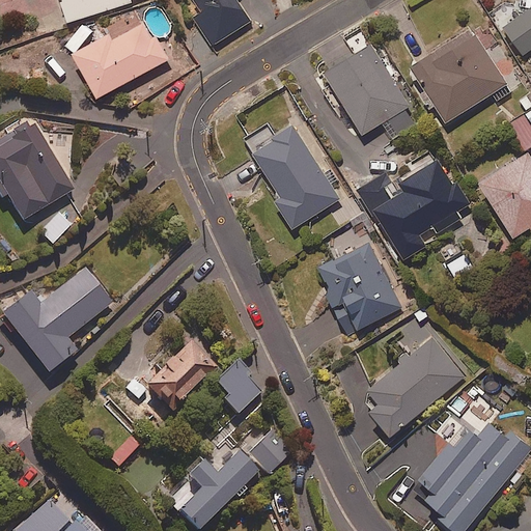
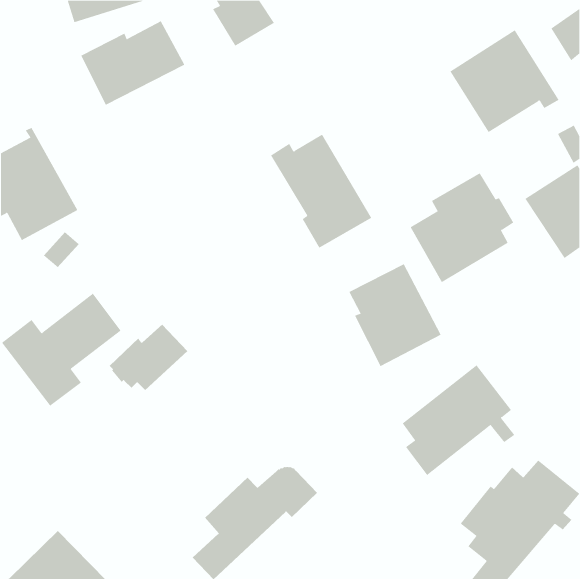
building: [325,44,419,141] -> none
building: [142,341,215,402] -> [109,324,188,391]
building: [213,360,259,415] -> none

